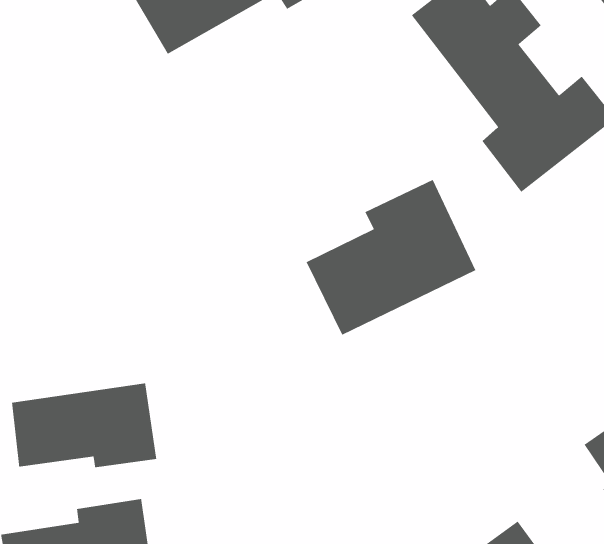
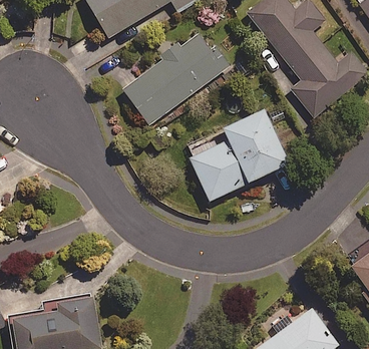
building: none -> [123,31,228,124]
building: [11,383,157,468] -> none

